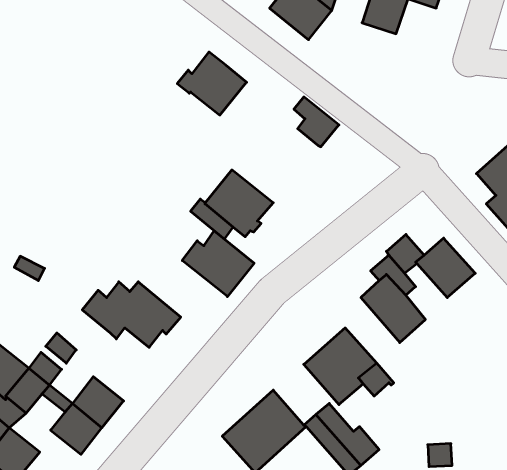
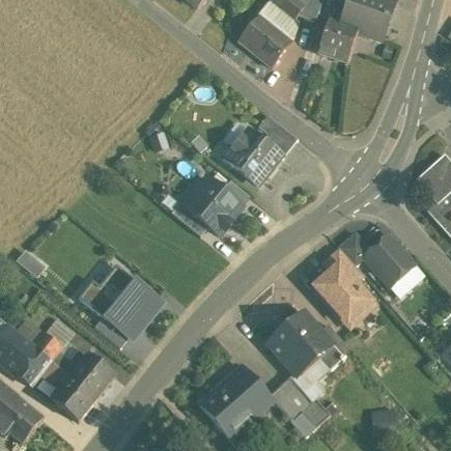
building: [177,52,247,115] -> [221,131,280,185]
building: [182,231,254,297] -> none
building: none -> [94,312,136,347]

